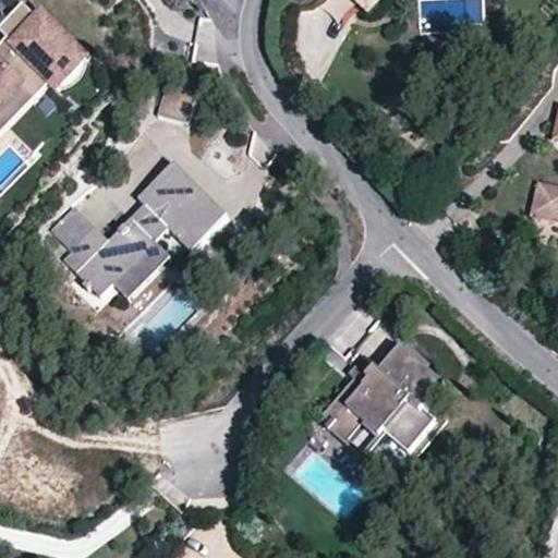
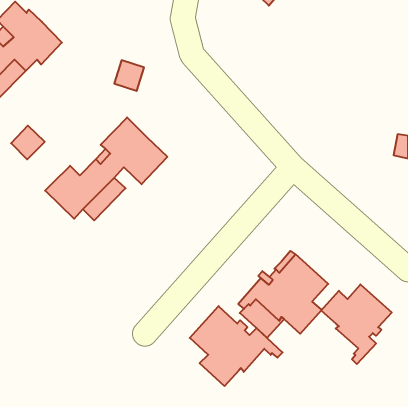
building: [49,203,95,248] -> [11,126,45,159]
building: none -> [321,284,392,364]
building: none -> [190,306,283,386]

